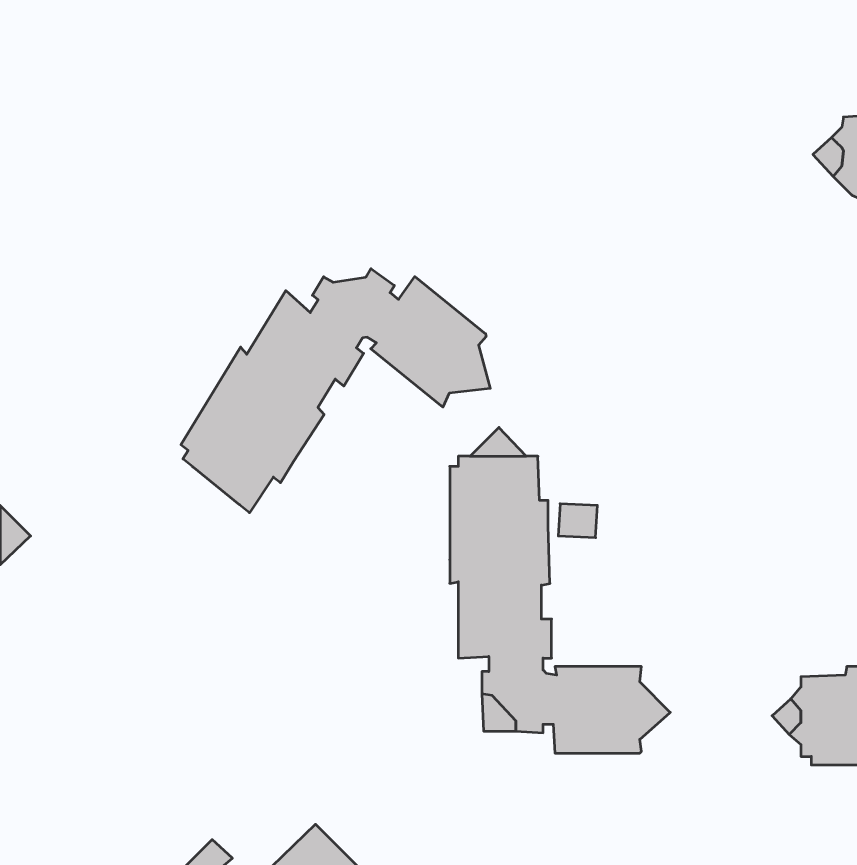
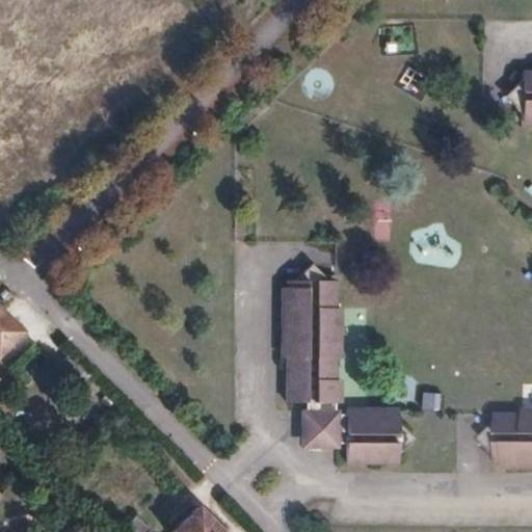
building: [181,269,490,513] -> none

